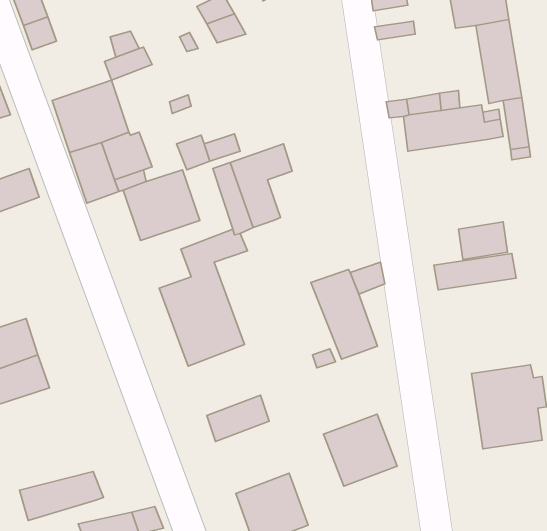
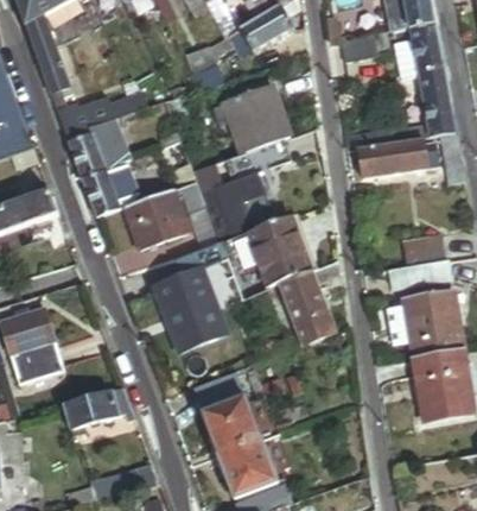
building: none -> [222,87,285,152]
building: none -> [57,90,115,133]
building: none -> [248,216,310,286]
building: none -> [402,291,459,358]
building: [324,414,397,486] -> [201,397,261,456]
building: [20,471,103,521] -> [61,389,129,429]

